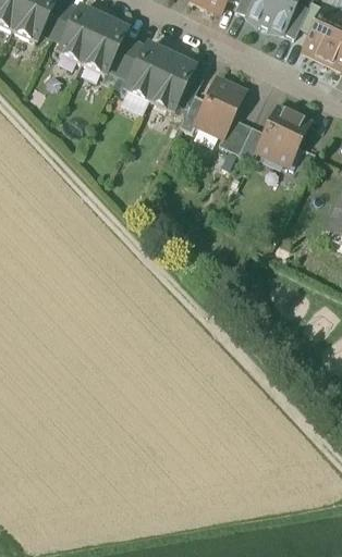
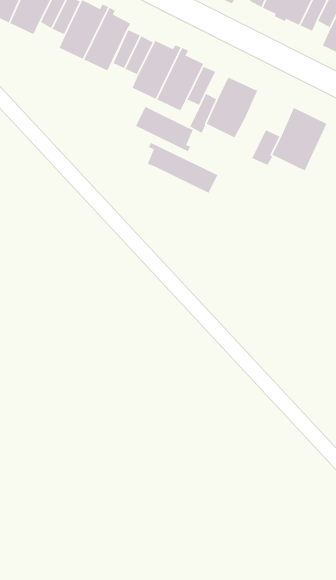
building: none -> [135,106,194,152]
building: [218,117,251,154] -> none
building: none -> [147,142,218,194]

